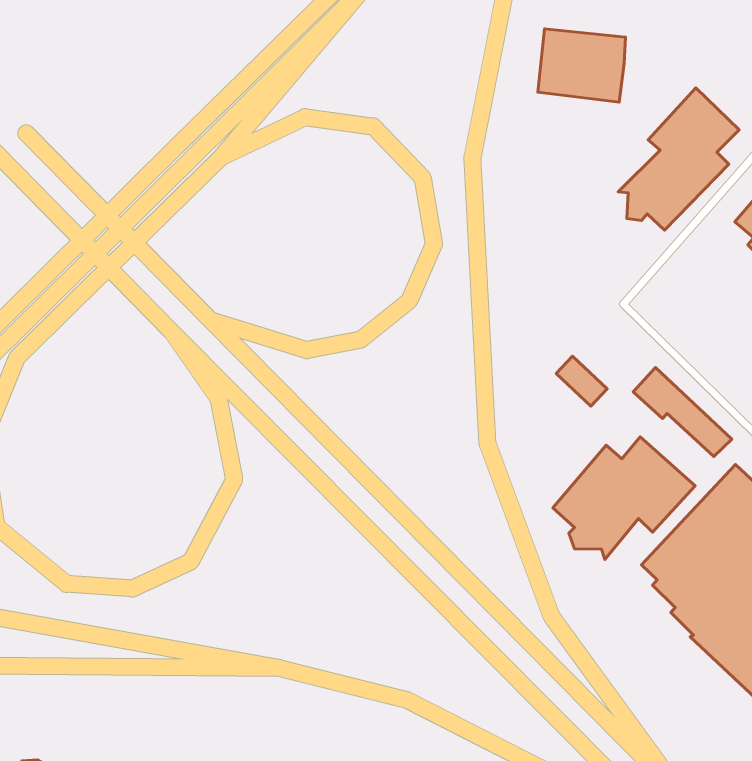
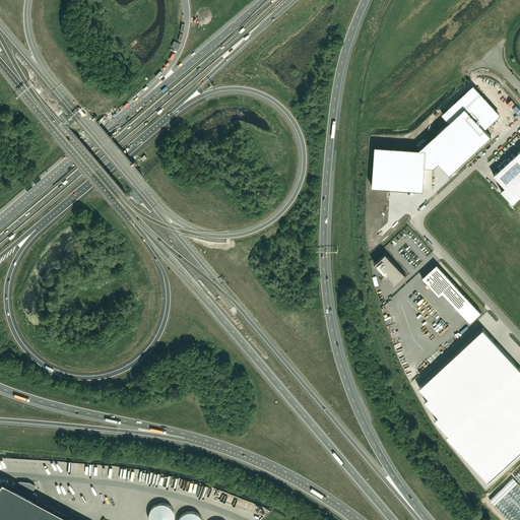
building: [538,29,626,102] -> [370,145,428,195]
building: [553,437,695,560] -> none

